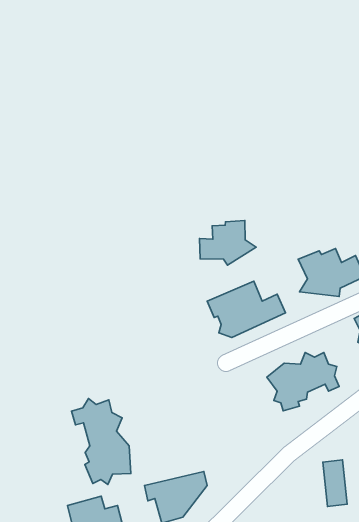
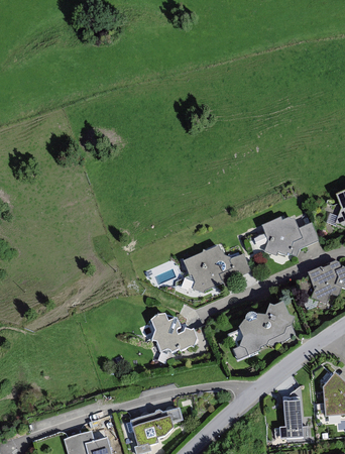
building: [200,221,256,265] -> none
building: none -> [150,314,196,355]
building: [71,398,131,485] -> none

